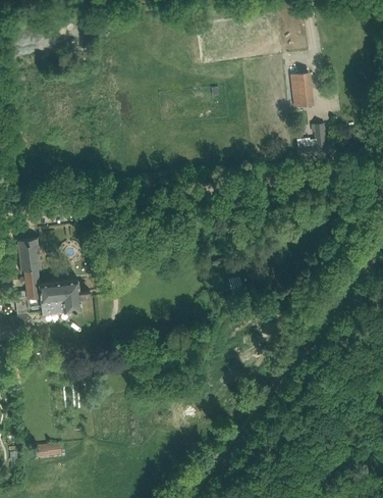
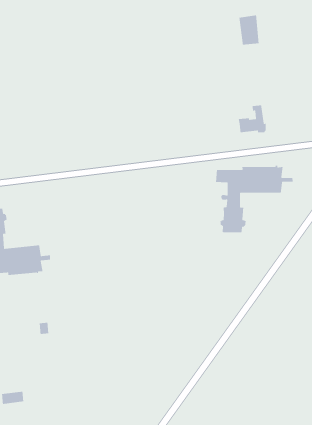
building: [290,71,314,106] -> [238,14,260,46]
building: none -> [215,165,294,235]

